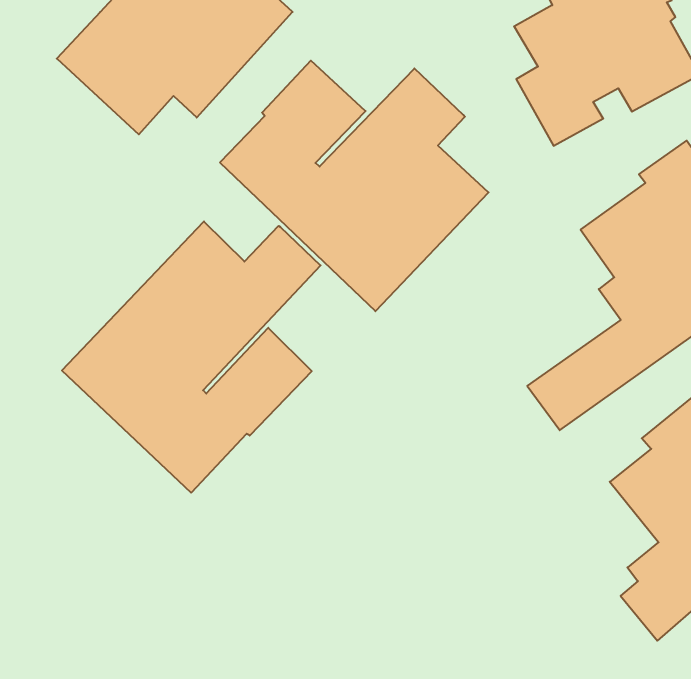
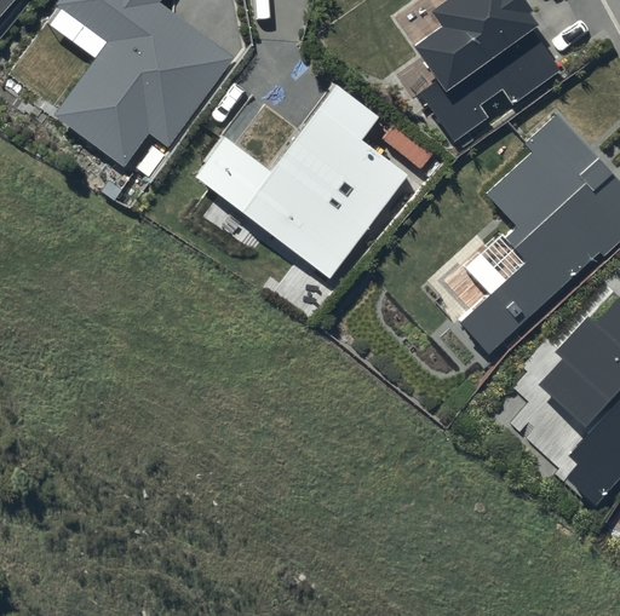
building: [62,221,321,493] -> none

